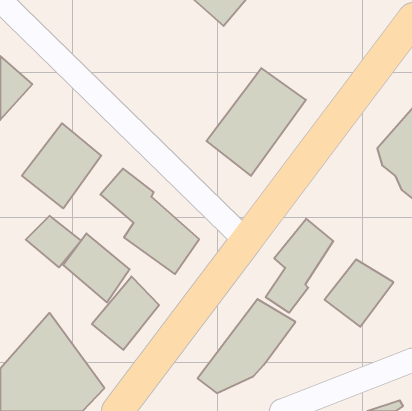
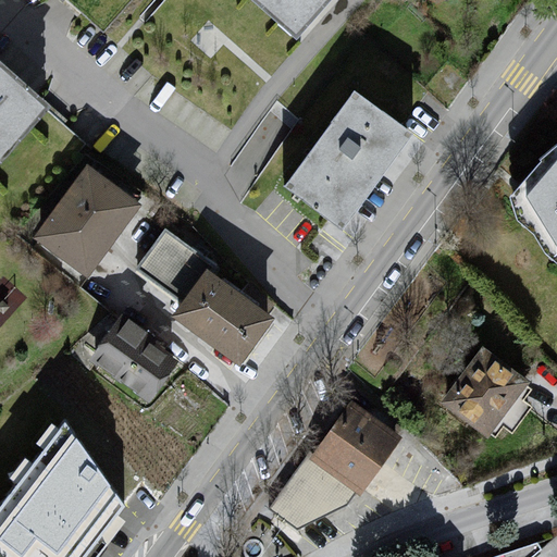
building: [26,216,81,267] -> none
building: [266,219,333,313] -> none
building: [92,276,159,350] -> none

